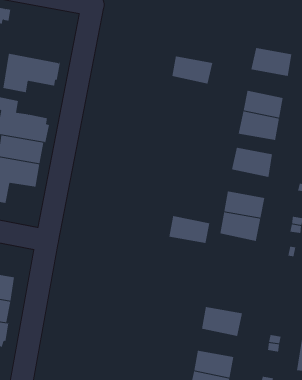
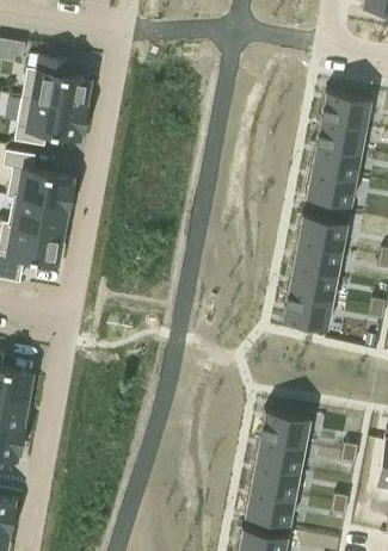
building: none -> [23,55,92,109]
building: [171,56,213,84] -> [316,117,368,151]
building: [168,215,210,244] -> [292,240,344,274]
building: none -> [255,437,306,470]

